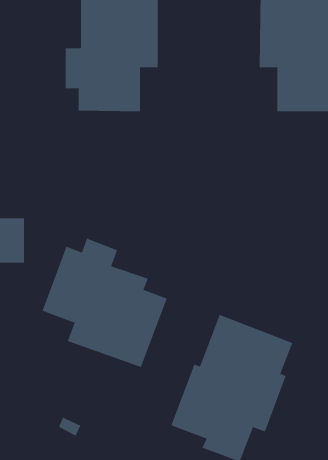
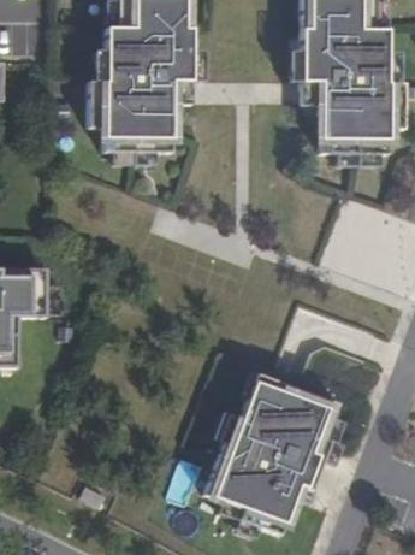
building: [42,238,167,368] -> none

